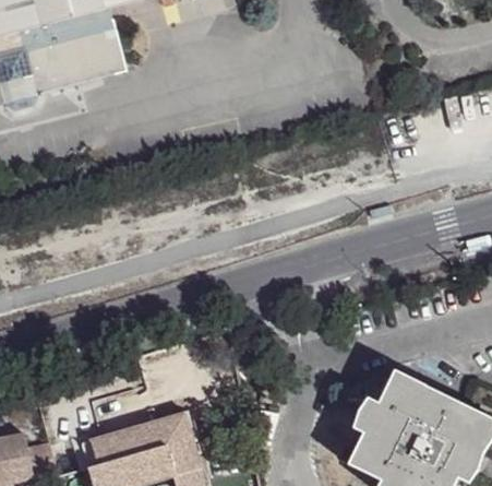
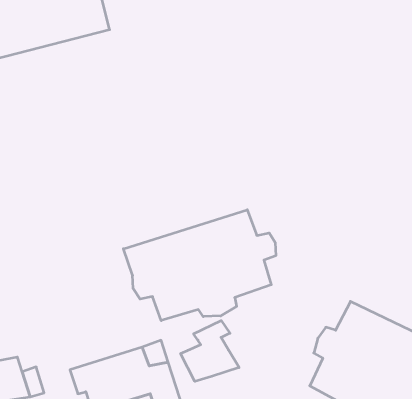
building: none -> [123,210,276,321]
building: none -> [181,321,239,381]

